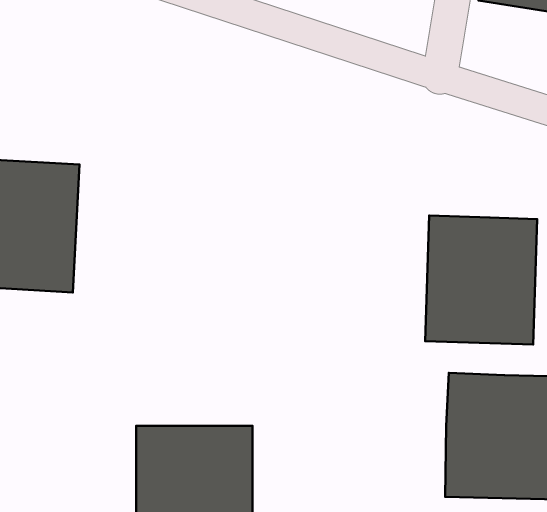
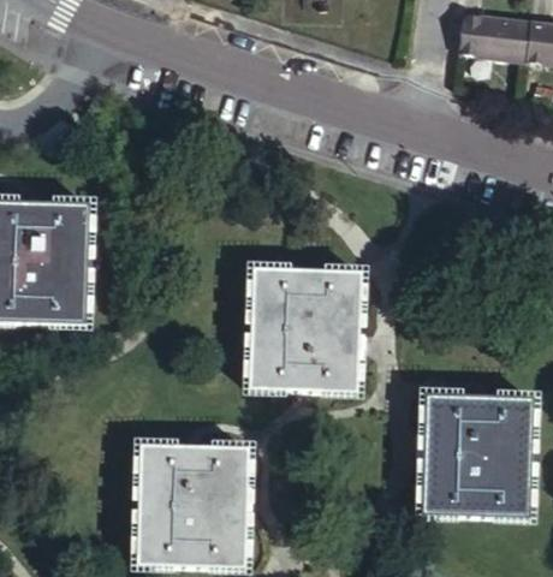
building: [425,216,537,344] -> none
building: none -> [248,266,356,388]

